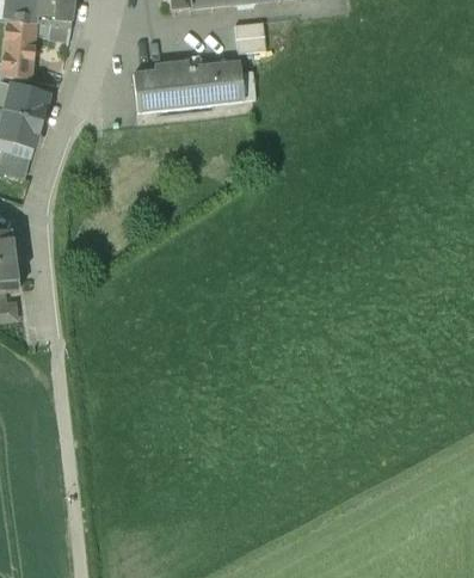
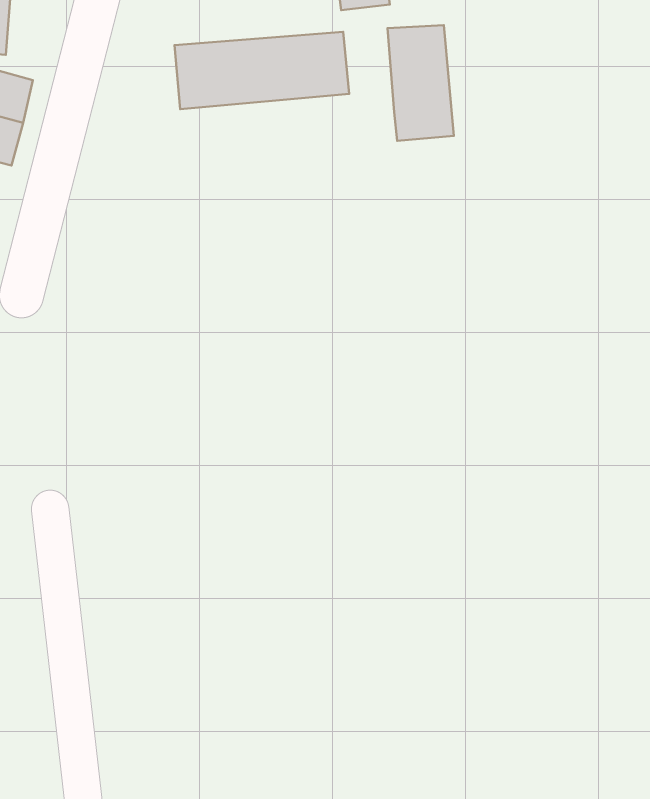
building: none -> [388,25,454,141]

